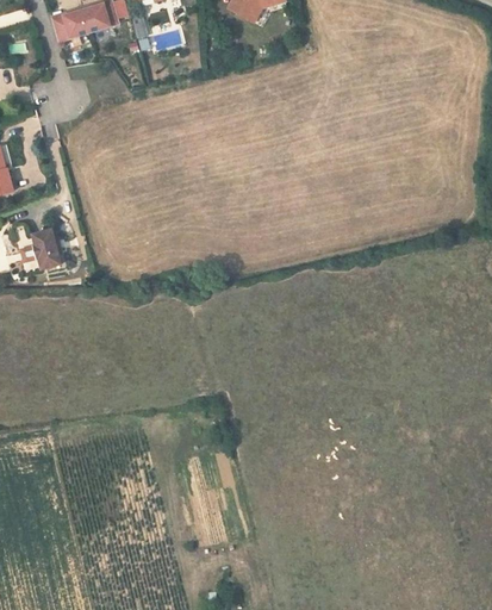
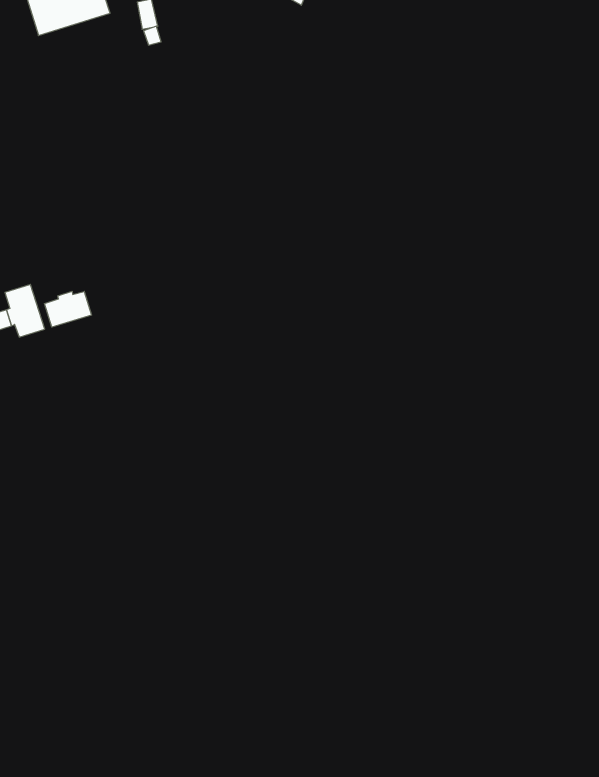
building: none -> [44,291,92,327]

